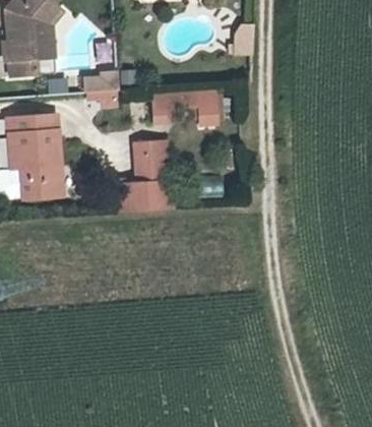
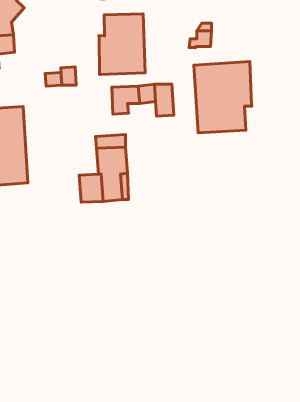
building: none -> [99,14,145,75]
building: none -> [194,62,252,133]

